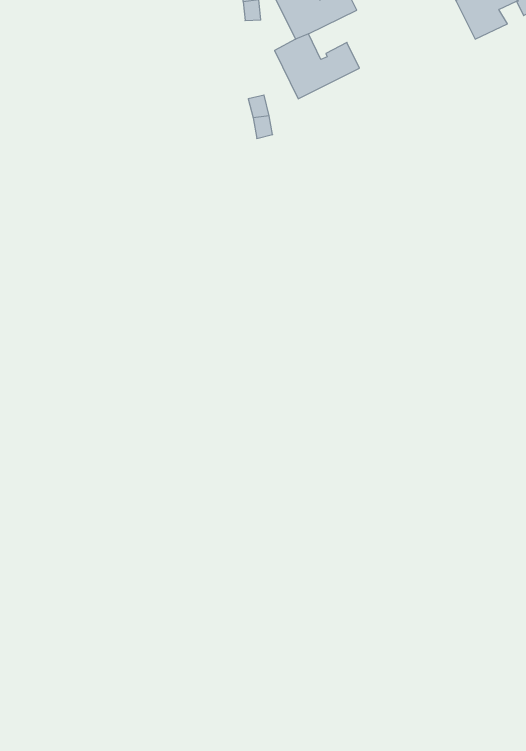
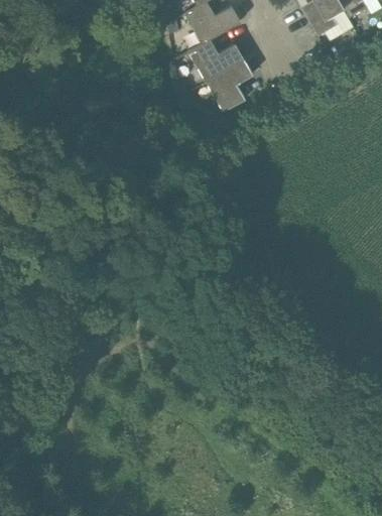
building: none -> [206,57,253,110]

